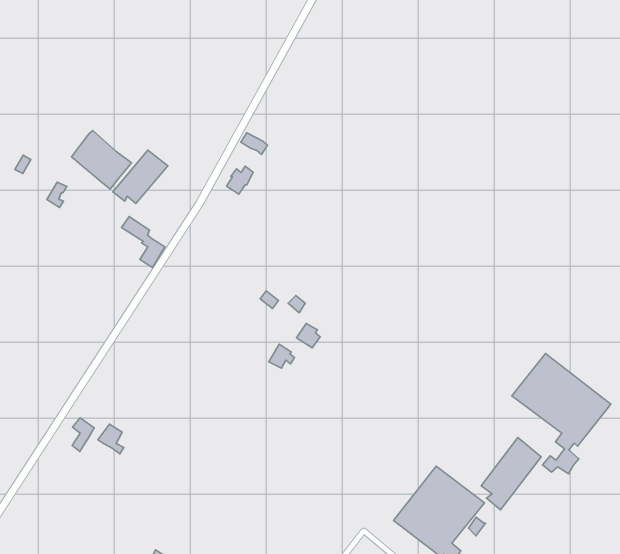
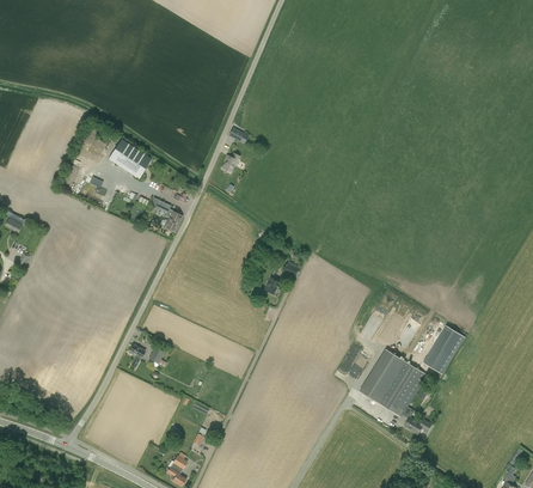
building: [113,150,168,204] -> none
building: [512,354,611,474] -> none

